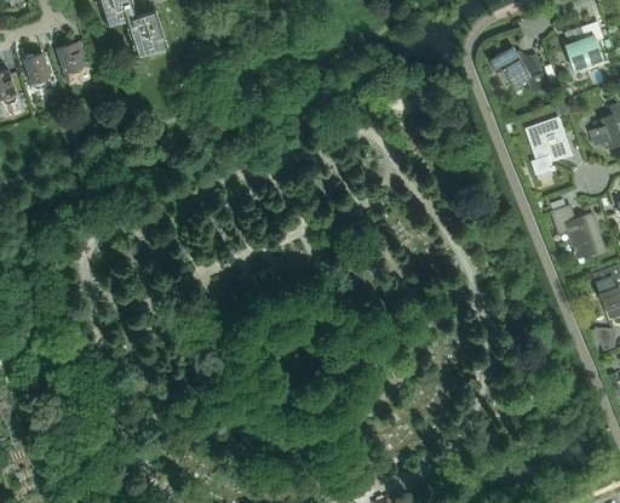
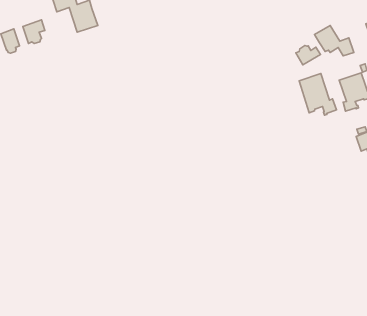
building: none -> [296,46,321,65]
building: none -> [299,74,337,115]

